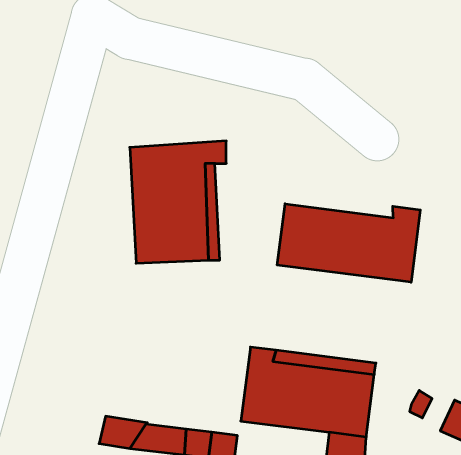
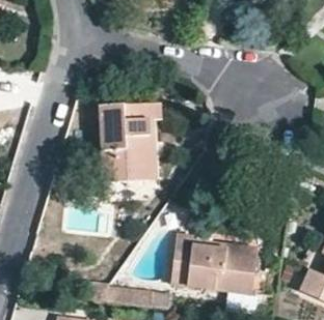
building: [277,204,420,282] -> none

